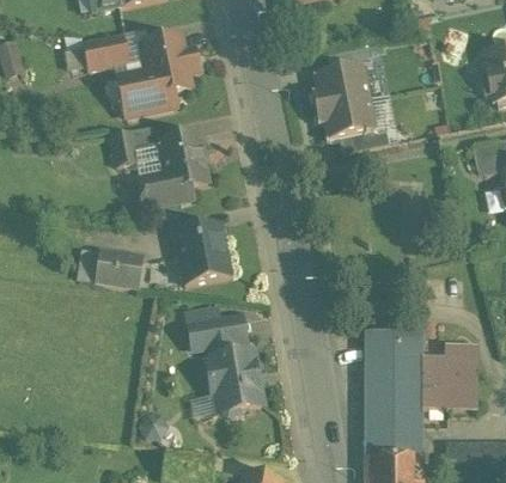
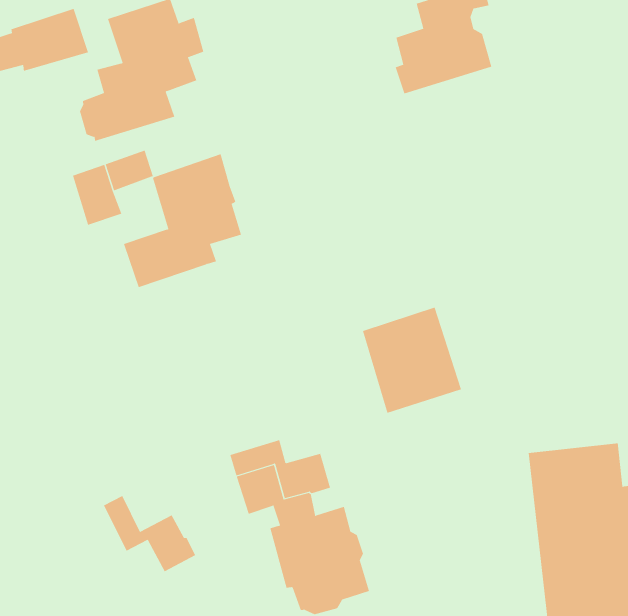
building: [316,97,390,153] -> none
building: [176,224,232,285] -> [362,307,462,414]
building: [97,251,144,287] -> none
building: none -> [103,495,196,572]

